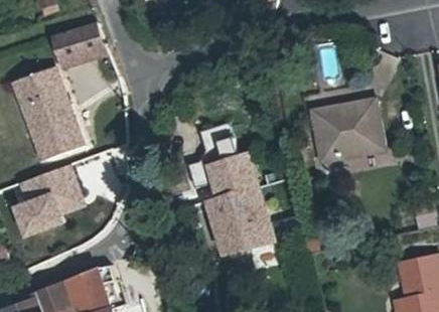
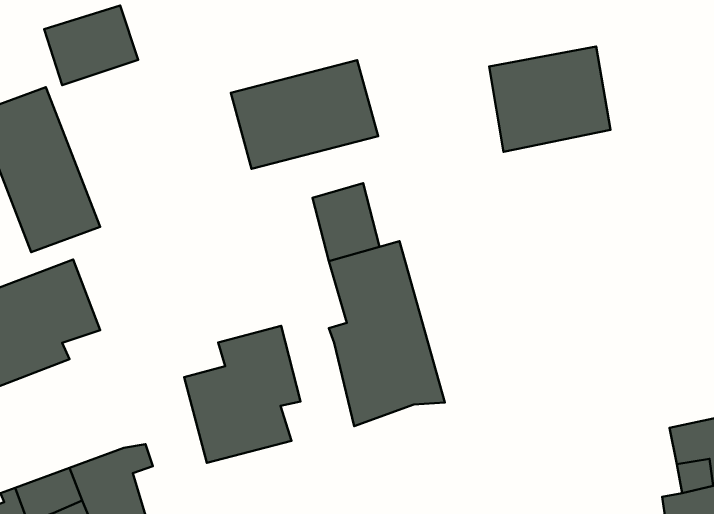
building: none -> [231,60,378,169]
building: [310,101,378,159] -> [489,47,611,152]
building: none -> [184,326,301,463]

